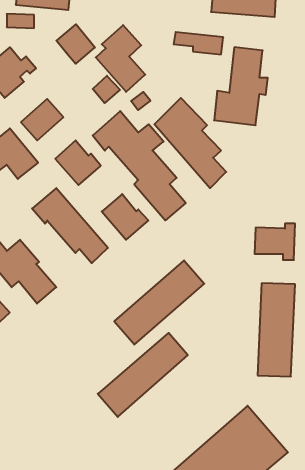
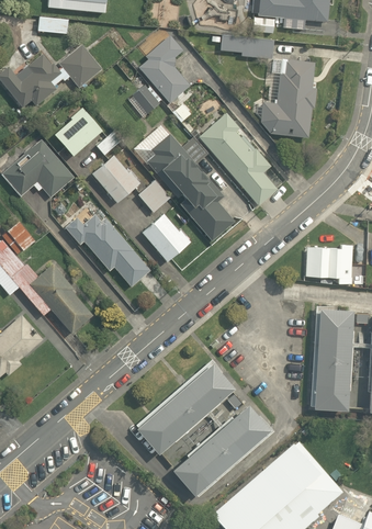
building: [56,24,95,64] -> [59,46,101,89]
building: none -> [137,178,171,211]
building: [114,260,204,345] -> [173,405,271,496]

